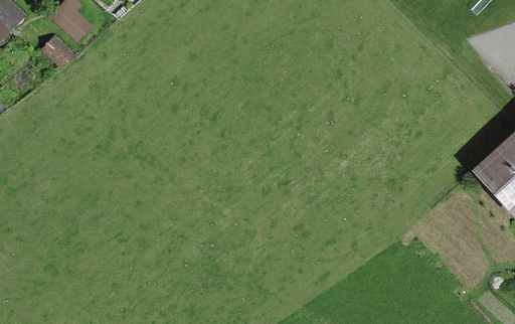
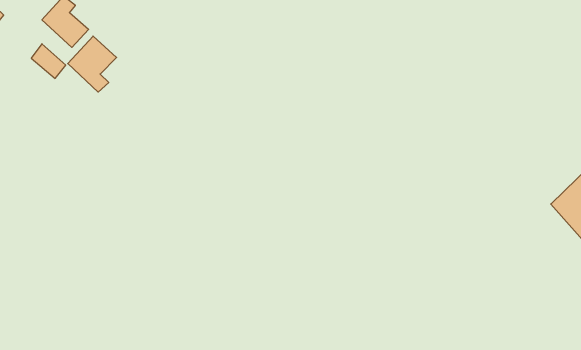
building: none -> [68,36,117,92]

